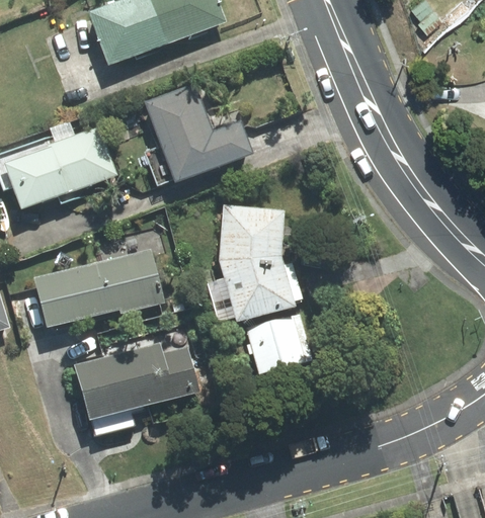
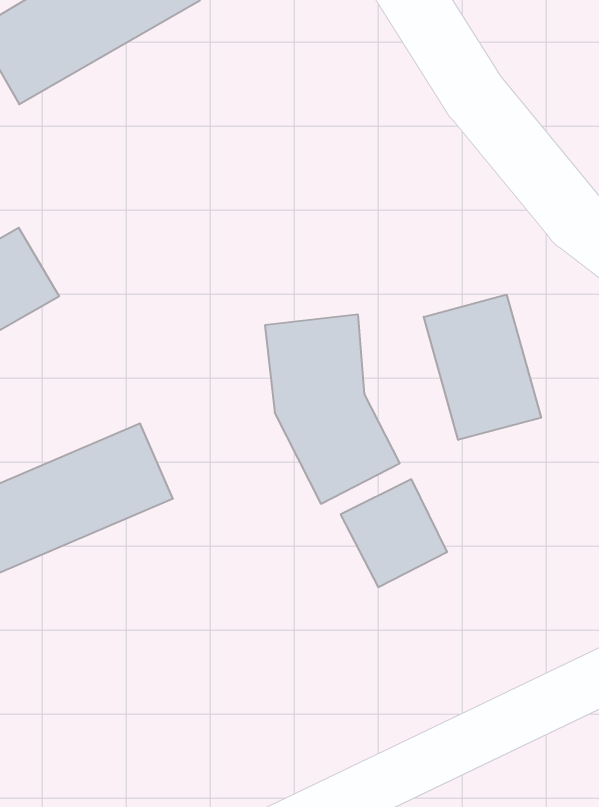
building: [148,86,250,178] -> none
building: none -> [424,295,541,440]
building: [75,351,194,420] -> none

